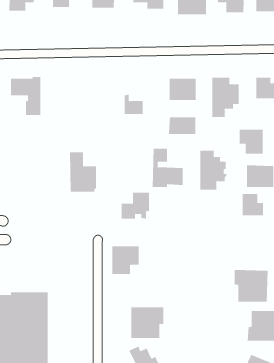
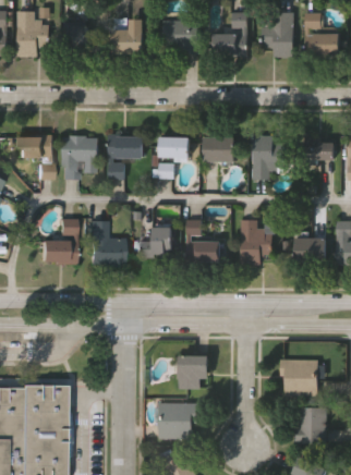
building: none -> [60,133,97,179]
building: none -> [107,133,144,180]
building: [168,117,196,134] -> [158,135,191,156]
building: [239,129,263,154] -> none
building: none -> [38,219,73,265]
building: [121,192,150,219] -> [138,227,172,258]
building: [242,193,263,216] -> none
building: [111,246,139,275] -> [178,355,210,389]

